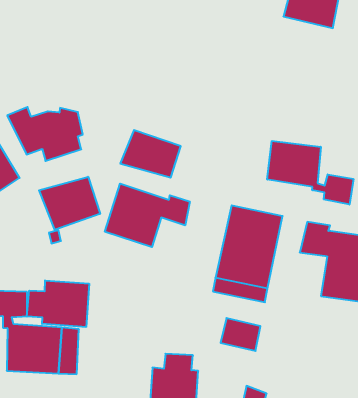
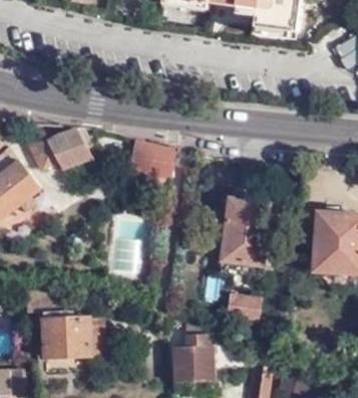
building: [267,141,353,205] -> none
building: [39,177,100,230] -> none
building: [105,184,190,247] -> none
building: [27,280,89,327] -> none

